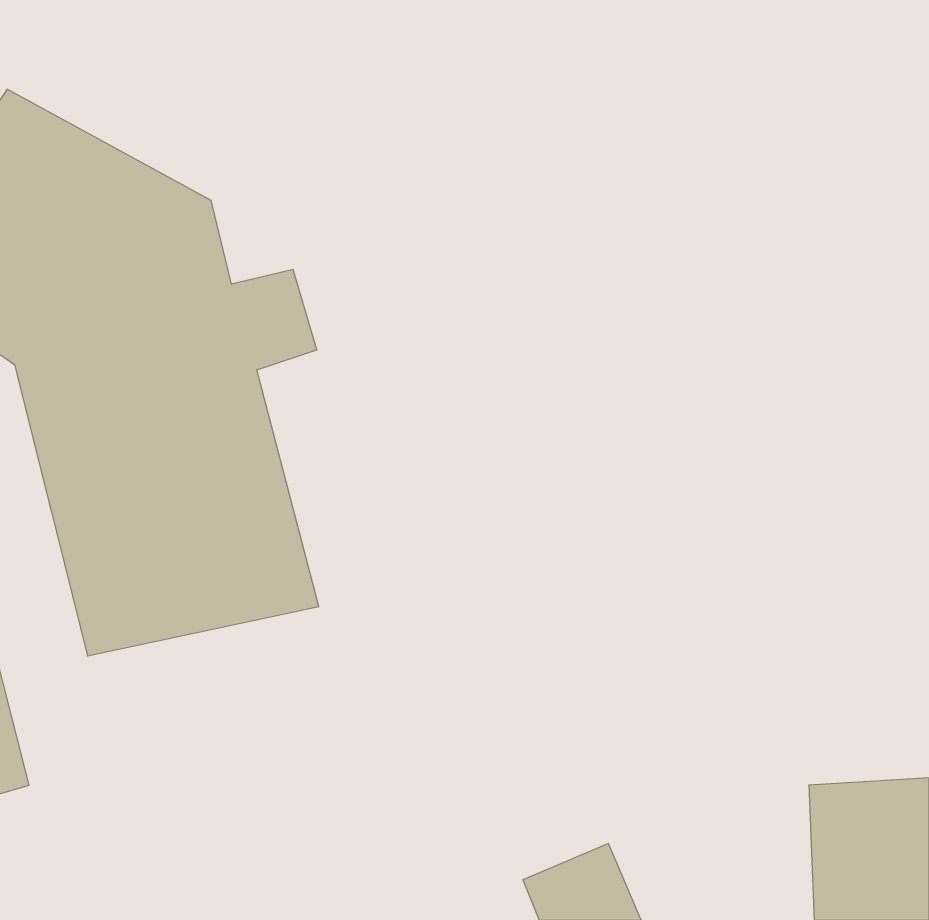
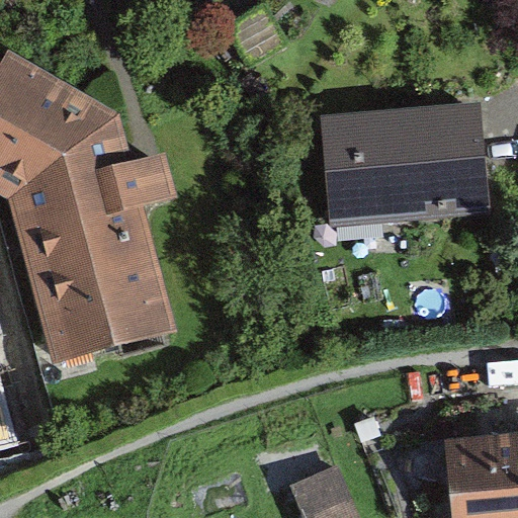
building: none -> [322,110,488,223]

